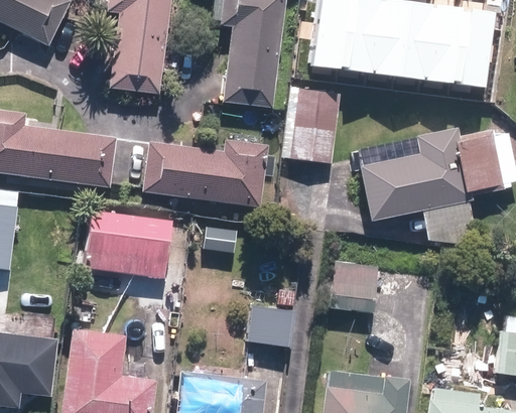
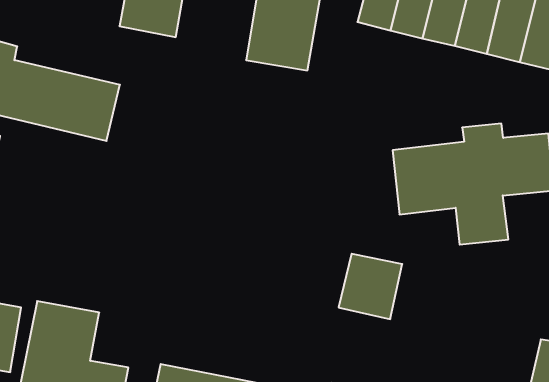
building: [295,85,344,161] -> none
building: [140,141,263,205] -> none
building: [85,209,171,278] -> none
building: [247,309,294,348] -> none

